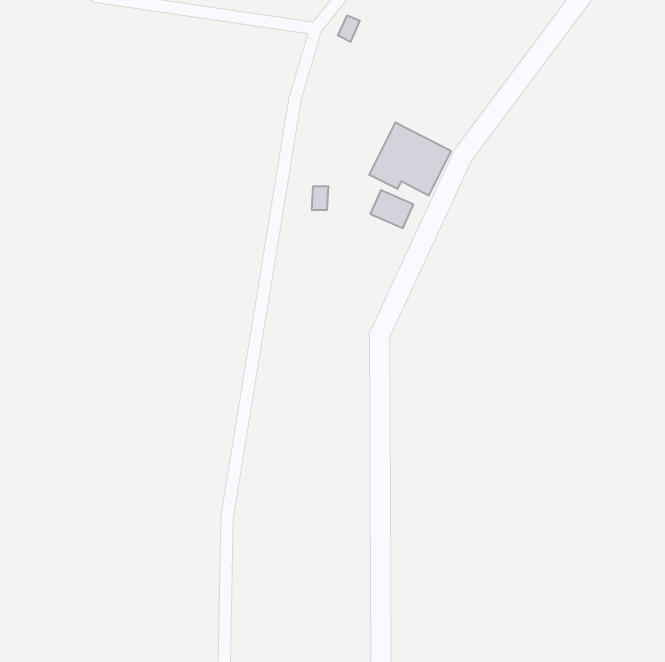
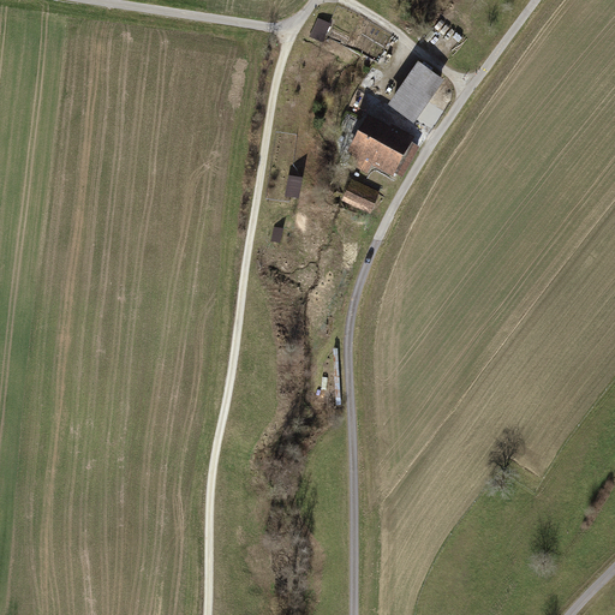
building: none -> [388,60,444,121]

